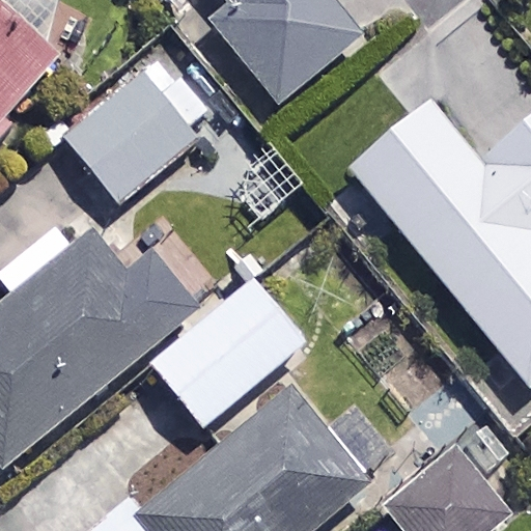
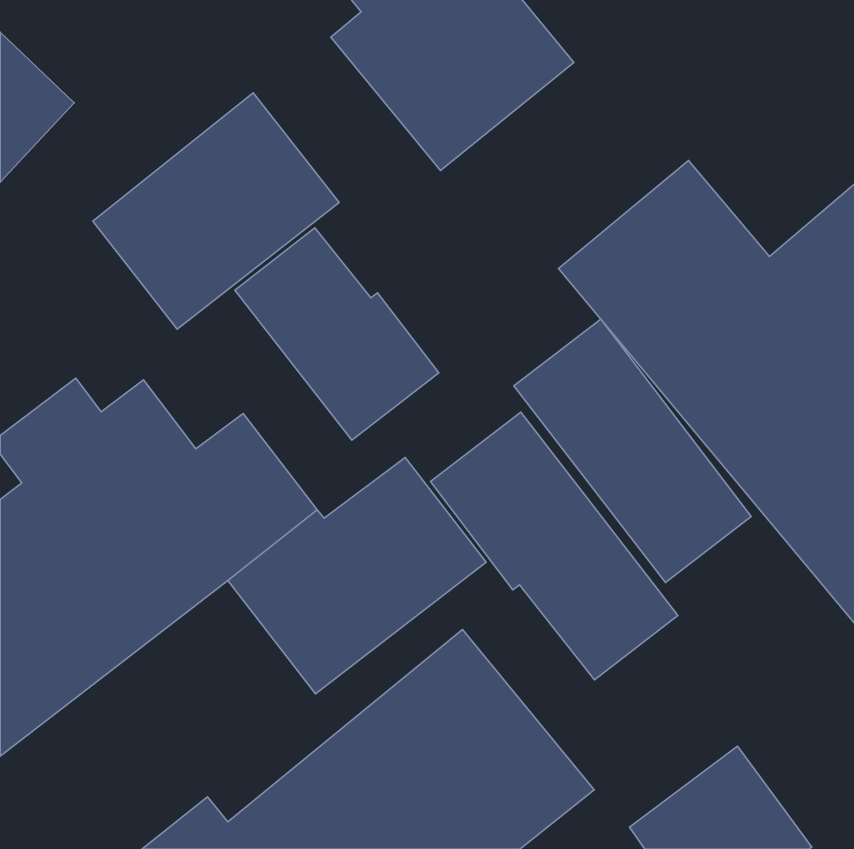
building: none -> [235,228,439,440]
building: none -> [514,319,751,583]
building: none -> [430,412,678,680]

